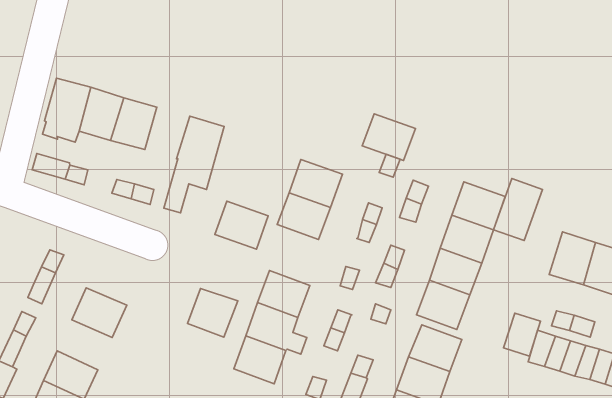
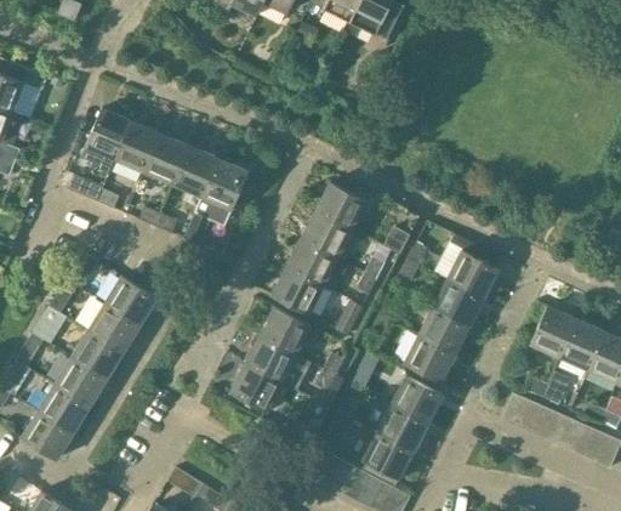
building: none -> [173,146,218,195]
building: [362,114,416,160] -> [315,182,366,228]
building: [494,179,542,241] -> none
building: [215,201,268,249] -> [272,267,323,314]
building: none -> [104,277,155,324]
building: [187,288,238,337] -> none
building: [504,313,540,356] -> none
building: none -> [70,331,123,380]

